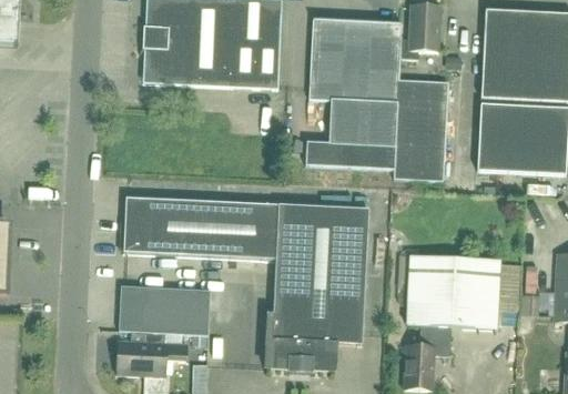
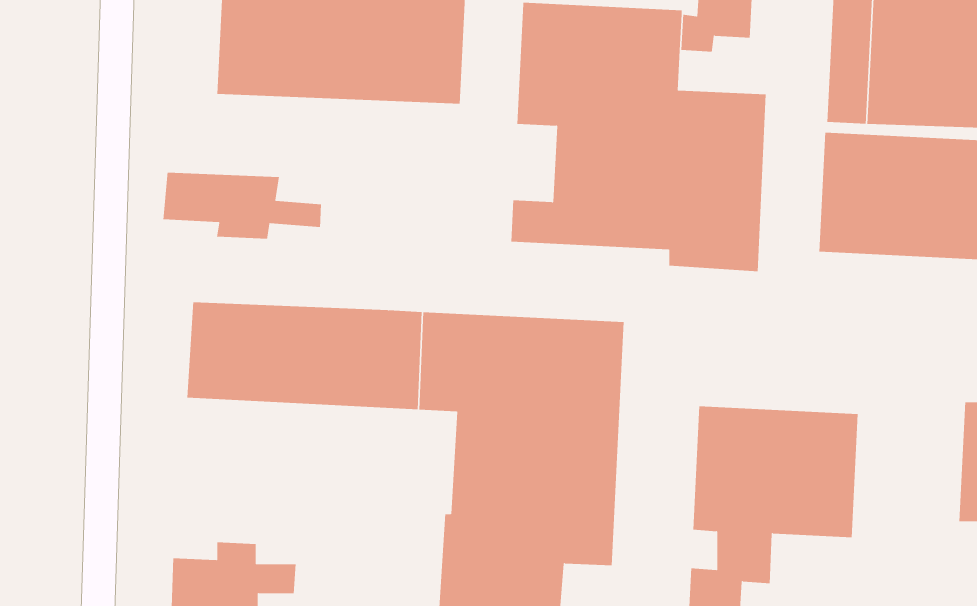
building: none -> [163,172,322,240]
building: [118,285,210,334] -> none

